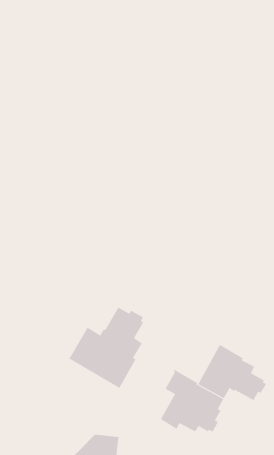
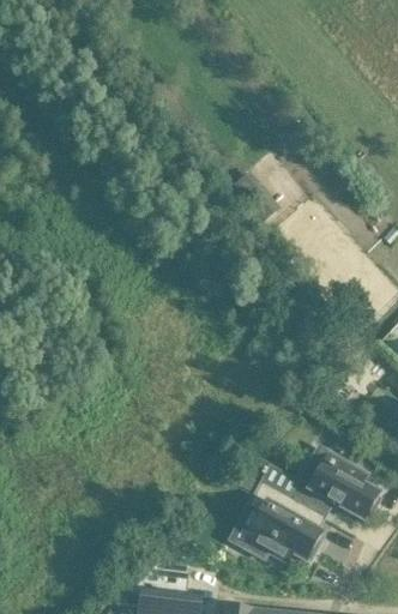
building: [69,307,144,389] -> none

